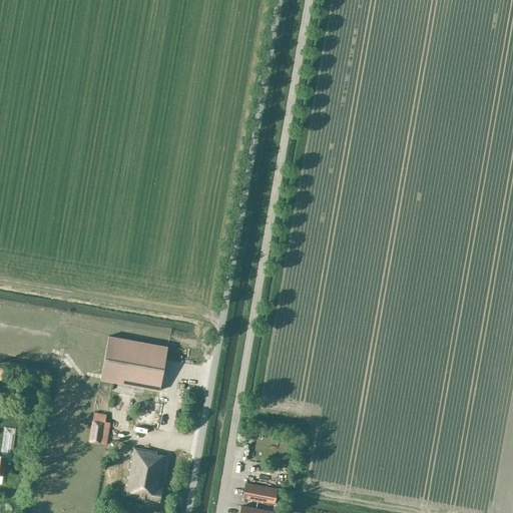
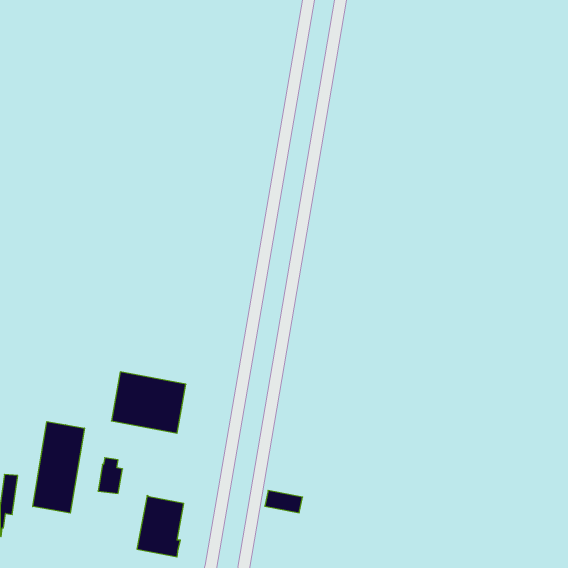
building: none -> [33,422,84,513]
building: [243,483,278,503] -> [265,490,303,513]

